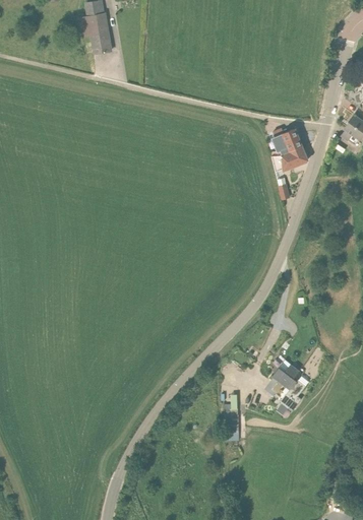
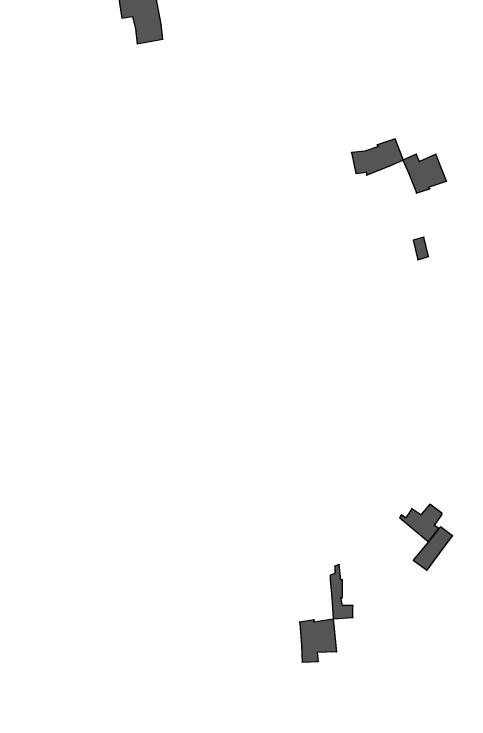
building: [273,146,307,171] -> [351,139,403,175]
building: none -> [299,619,336,662]

